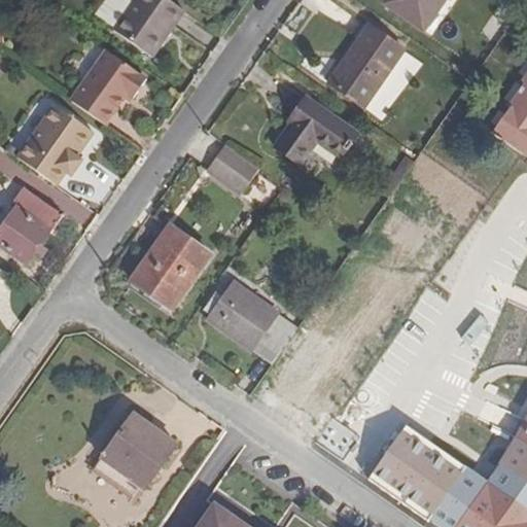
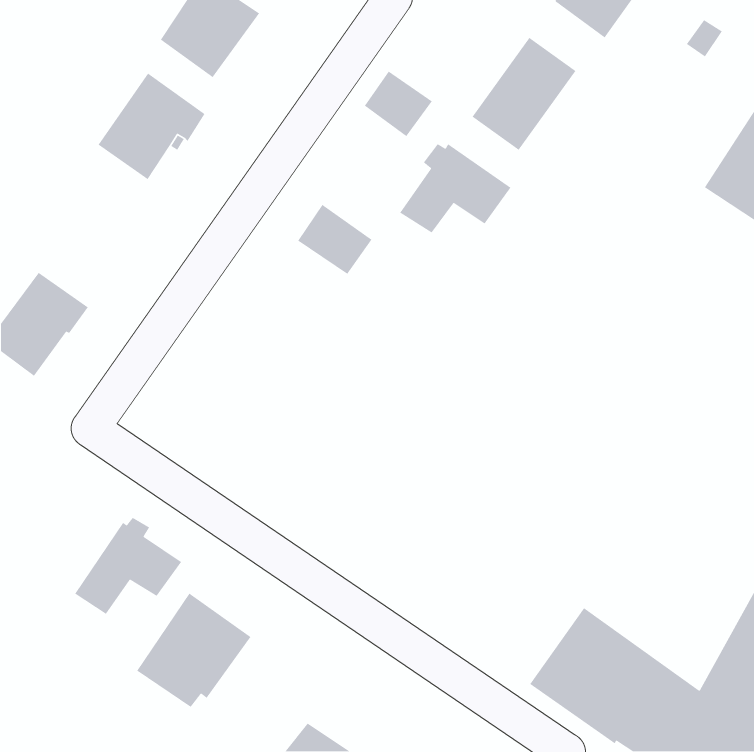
building: none -> [364,70,433,137]
building: [14,105,91,185] -> none
building: [132,224,210,308] -> none
building: [206,282,297,363] -> none
building: none -> [74,517,182,615]

